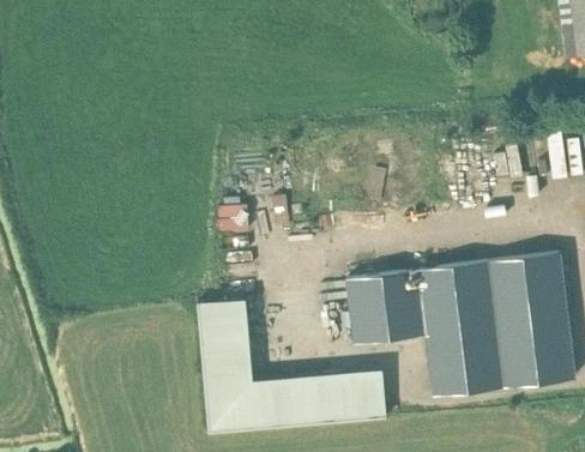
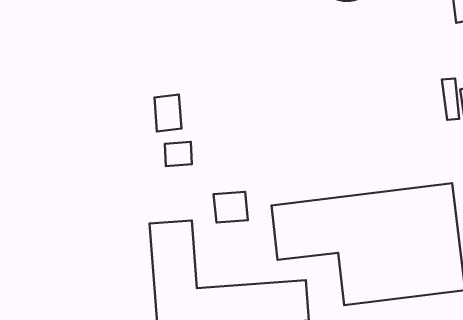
building: none -> [154,95,181,131]
building: none -> [213,192,248,222]

